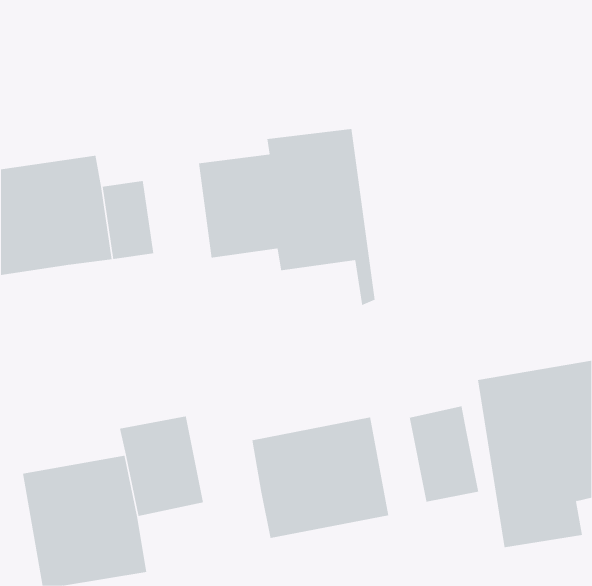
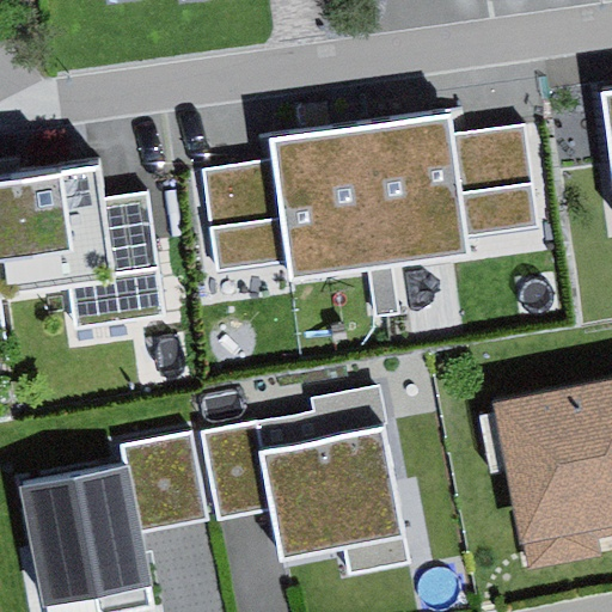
building: none -> [363,121,533,312]
building: none -> [71,262,166,323]
building: [409,406,479,502] -> none
building: none -> [202,421,269,518]

